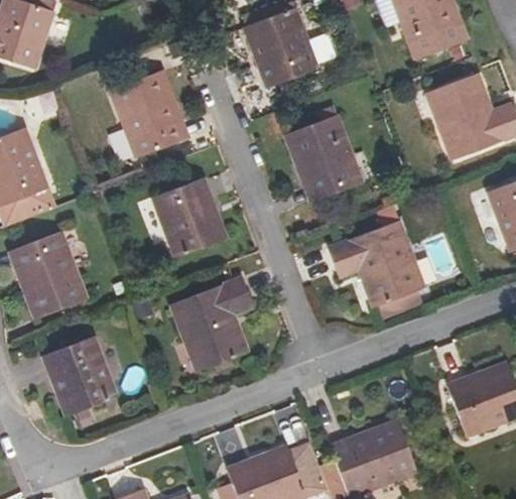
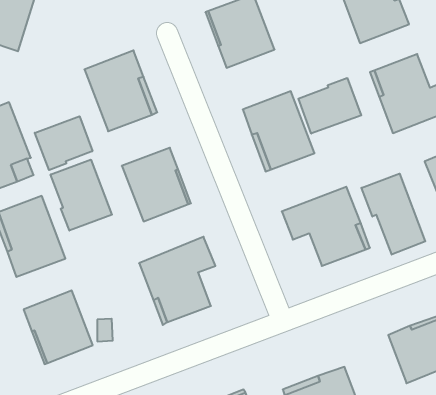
building: none -> [298,78,361,134]
building: none -> [35,116,92,170]
building: none -> [51,160,112,231]
building: none -> [361,174,425,255]

